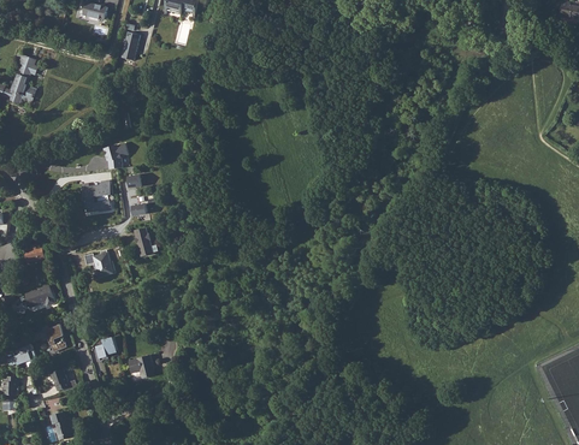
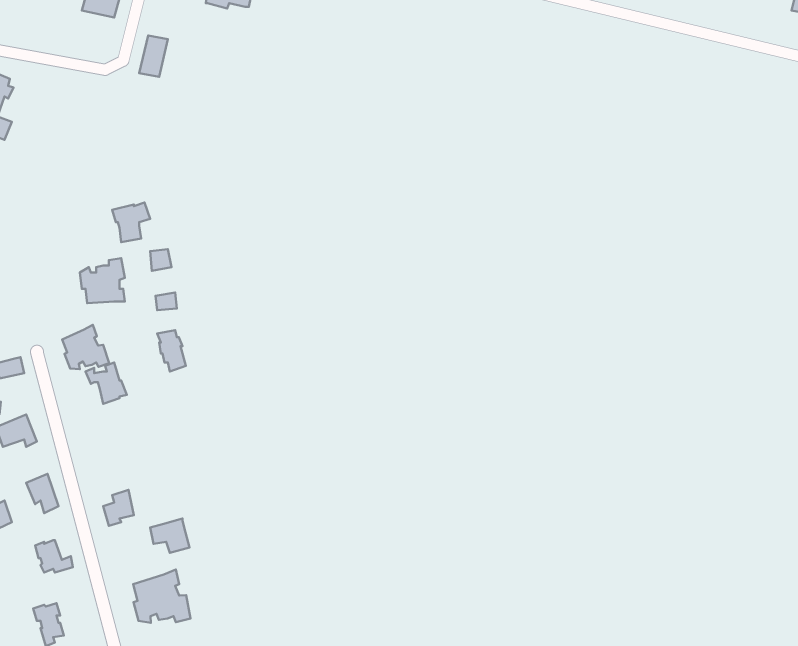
building: none -> [62,325,109,369]
building: none -> [133,570,191,623]

